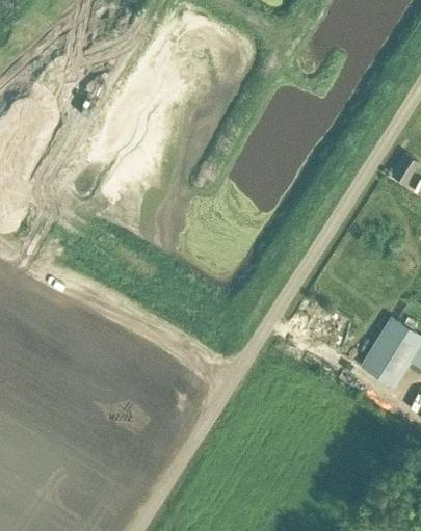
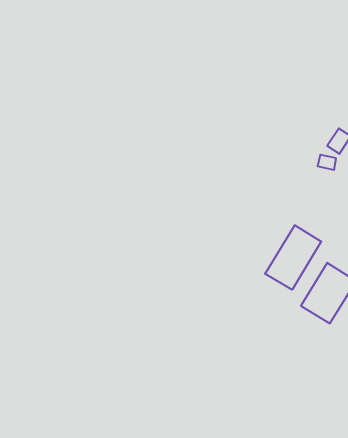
building: none -> [265,225,321,290]

